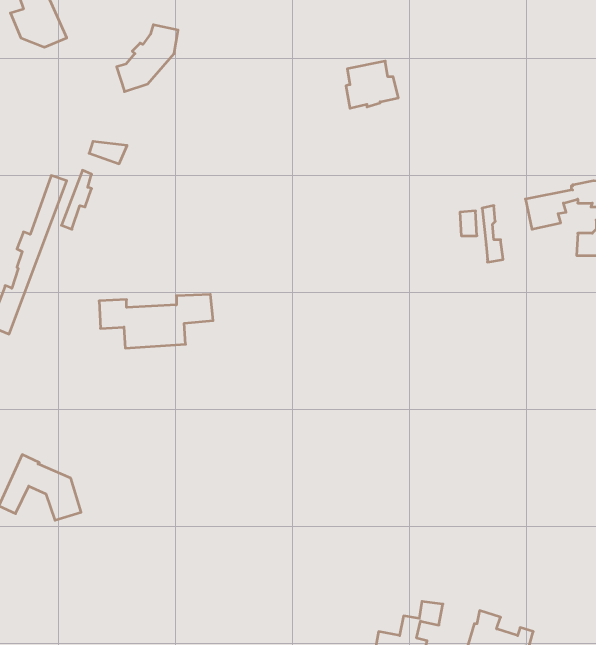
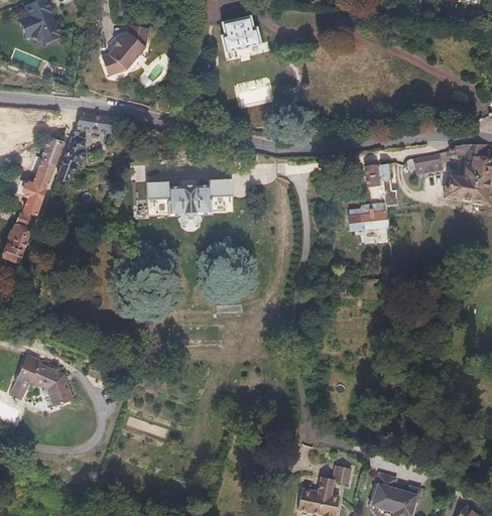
building: [346,61,398,108] -> [220,17,260,53]
building: none -> [358,204,387,229]
building: [99,294,213,348] -> [146,175,234,217]

